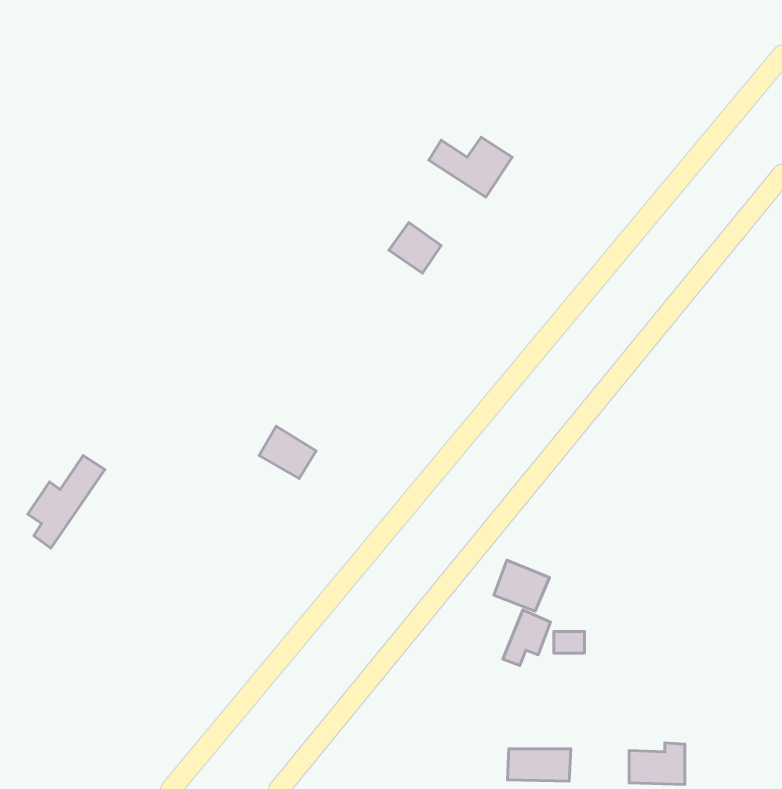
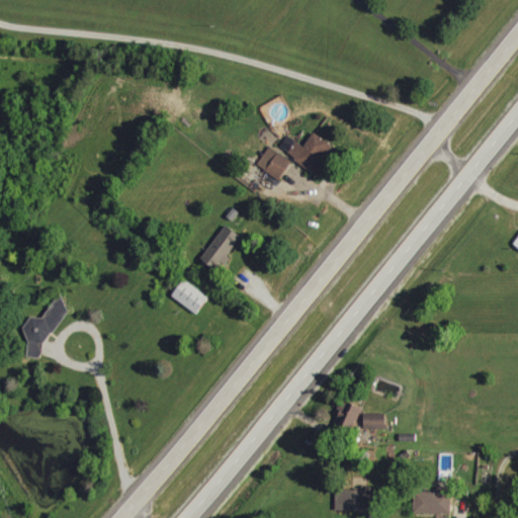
building: [429,137,512,197] -> [277,133,332,172]
building: none -> [201,225,240,268]
building: [494,560,549,611] -> none

